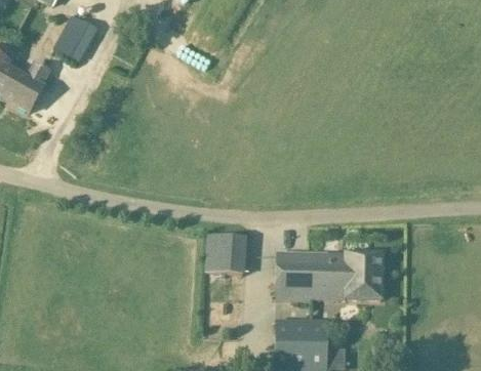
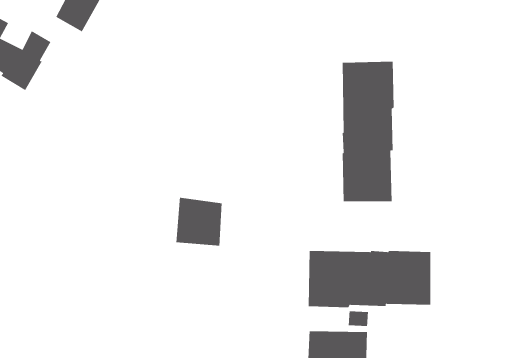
building: none -> [342,61,394,202]
building: [205,232,246,275] -> [176,197,223,246]

